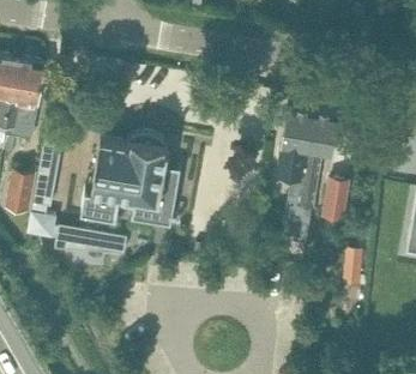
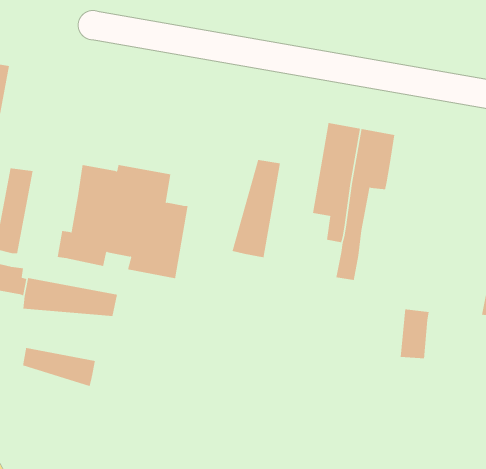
building: none -> [232,159,281,258]
building: [322,179,348,218] -> none
building: none -> [23,347,96,387]

